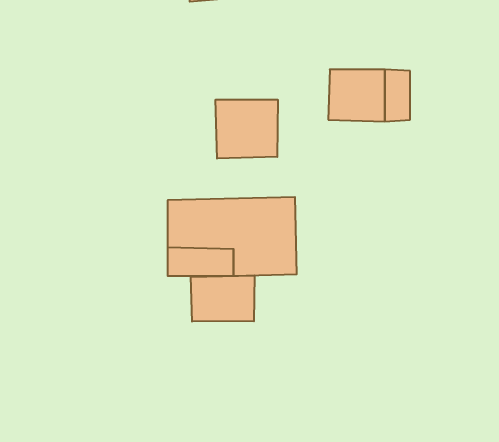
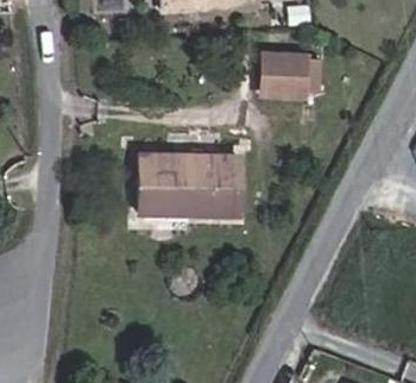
building: [216,100,278,159] -> none
building: [191,275,254,322] -> none

